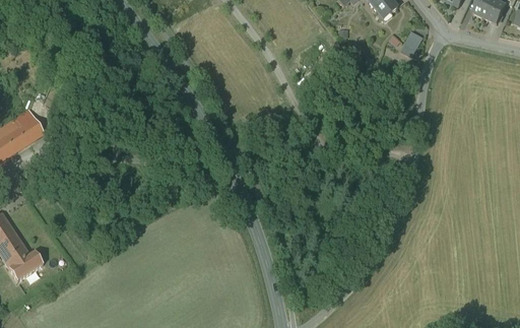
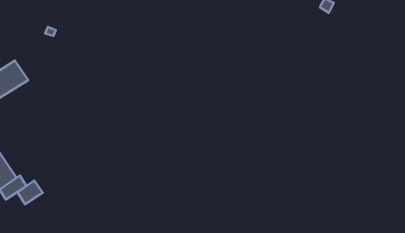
building: none -> [18,181,43,204]

